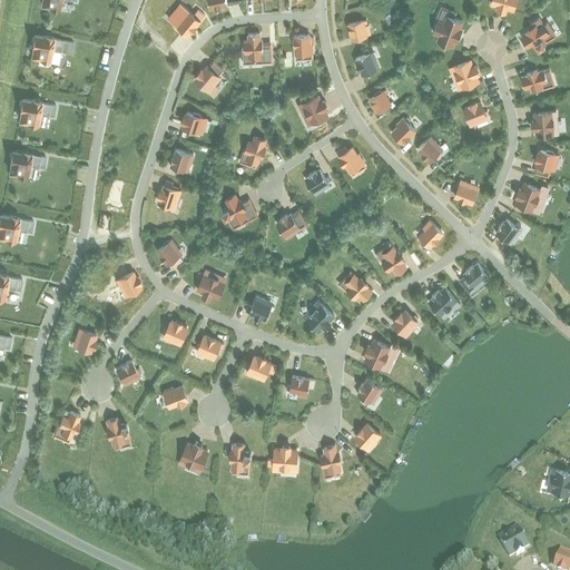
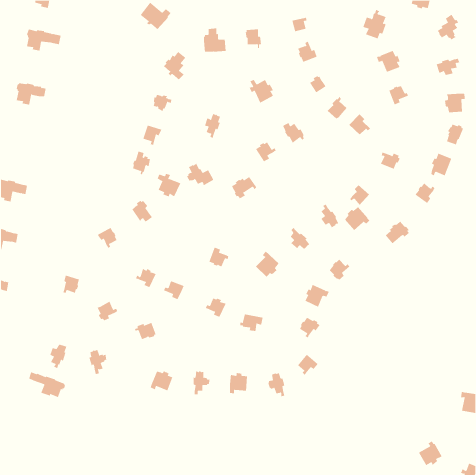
building: [9,151,46,178] -> none
building: [196,271,225,299] -> [157,173,181,197]
building: [429,287,460,316] -> [344,207,370,231]
building: none -> [29,372,66,398]

